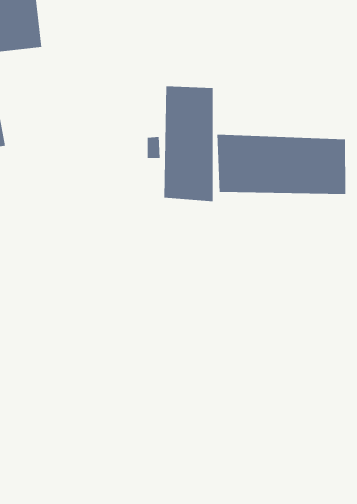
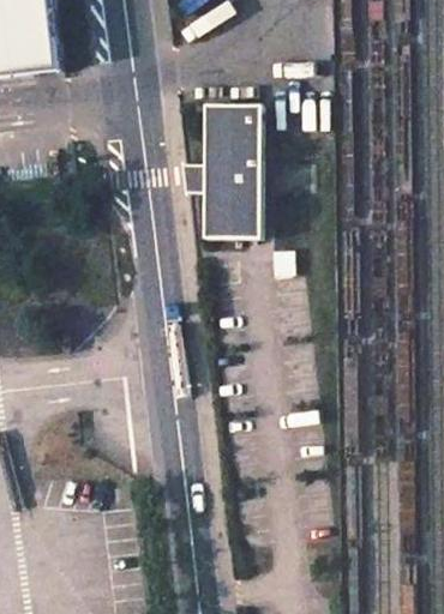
building: [217,134,346,195] -> none

